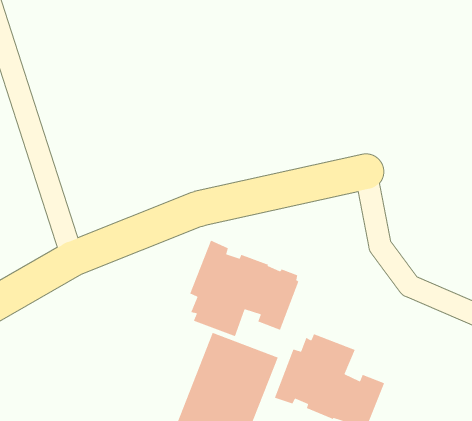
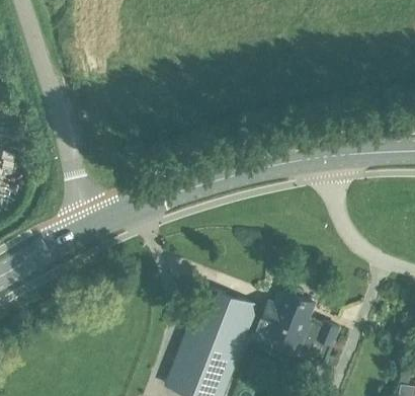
building: [189,240,299,337] -> none

